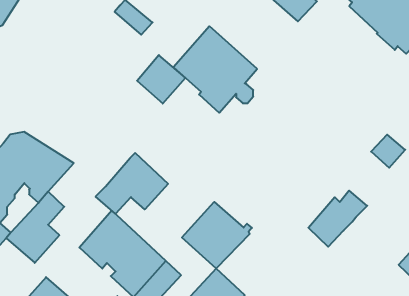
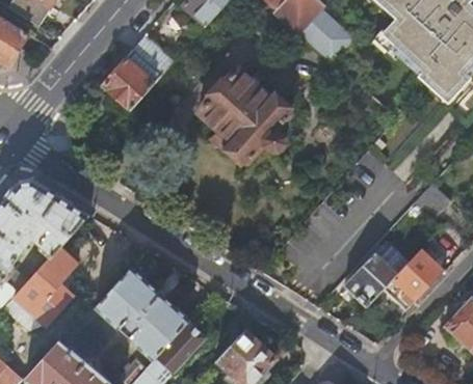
building: [137,55,186,104] -> [102,57,155,110]
building: [96,153,168,214] -> none
building: none -> [383,248,444,311]
building: [182,202,252,269] -> none

